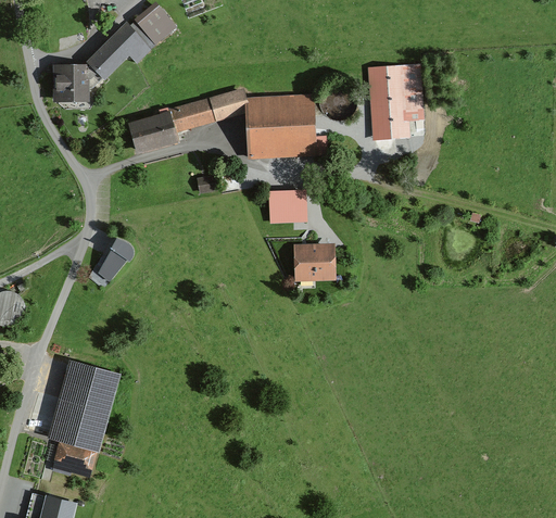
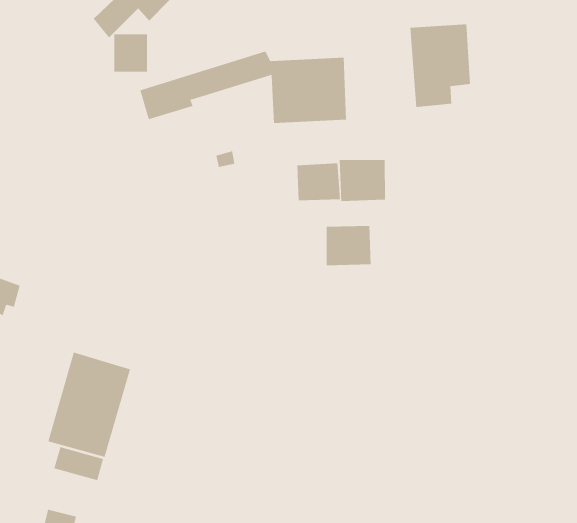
building: [55,67,86,101] -> [114,34,148,72]
building: none -> [339,159,385,202]
building: [96,238,134,280] -> none

